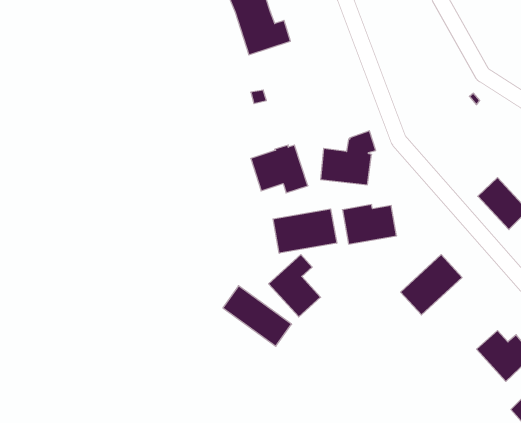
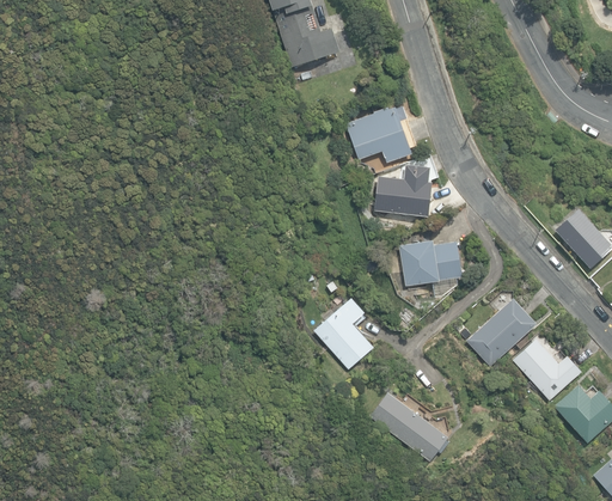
building: [251,145,308,193] -> [345,106,411,161]
building: [273,209,337,253] -> none
building: [223,286,292,346] -> [369,391,448,460]
building: none -> [513,338,581,399]

